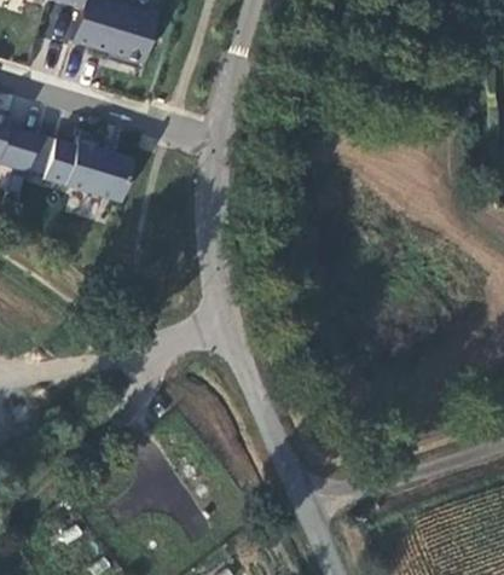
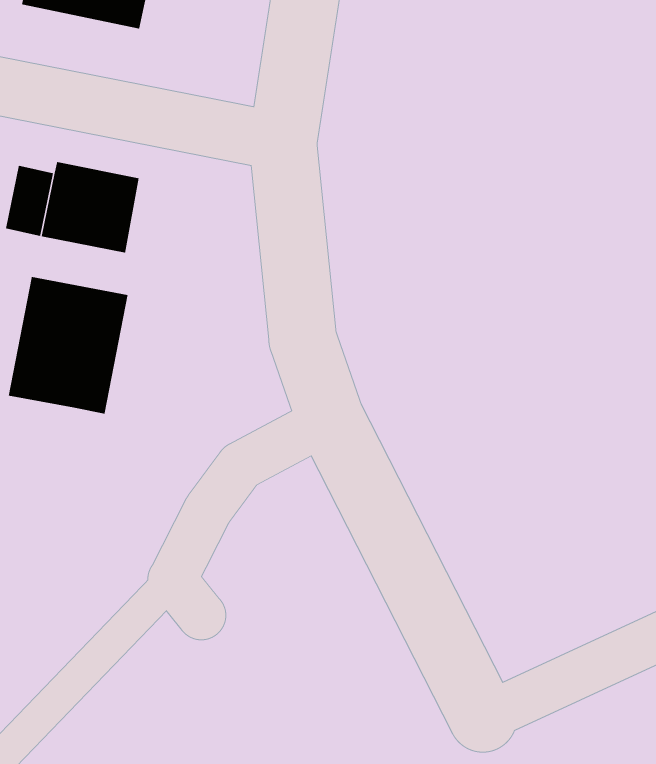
building: none -> [8,276,128,415]

